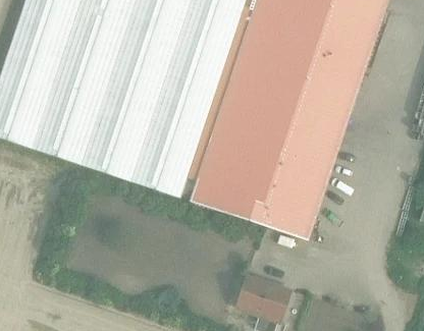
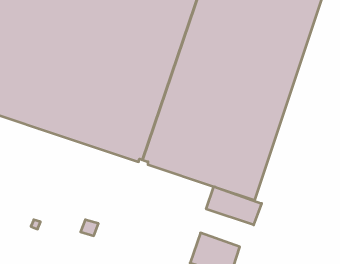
building: none -> [206,187,262,225]

